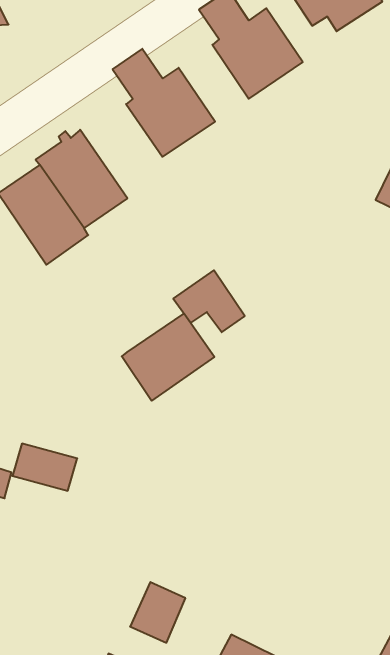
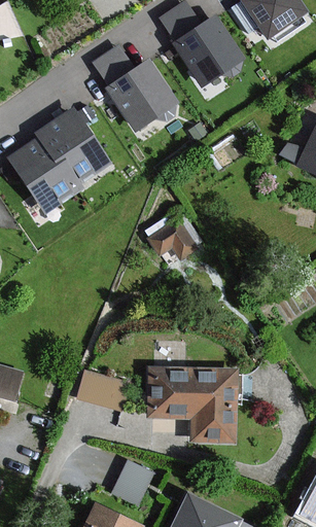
building: [122,314,214,401] -> none
building: [12,444,77,491] -> [75,368,125,405]
building: none -> [148,367,238,441]

